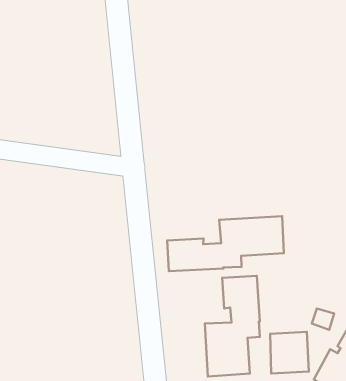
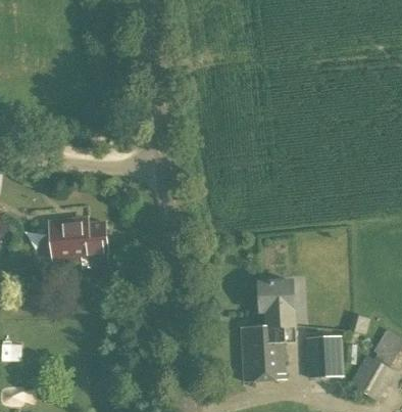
building: none -> [49,218,107,258]
building: [167,216,284,271] -> none

